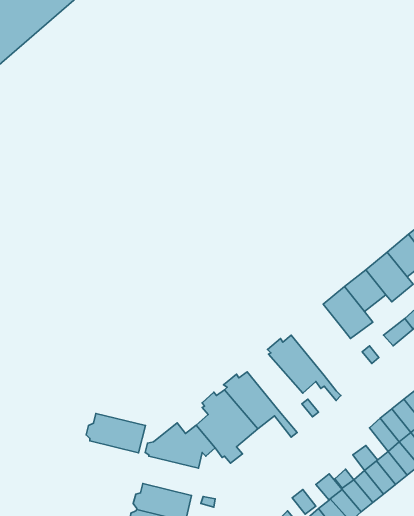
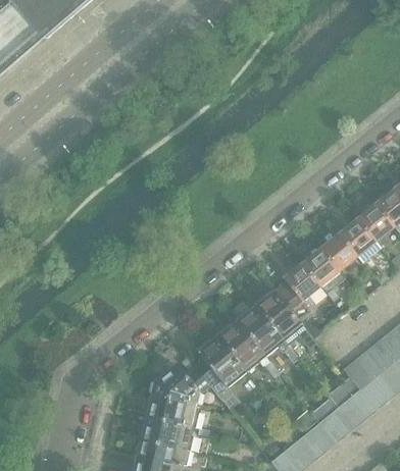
building: none -> [274,263,322,337]
building: none -> [236,306,285,355]
building: [86,414,146,453] -> [144,394,195,427]

